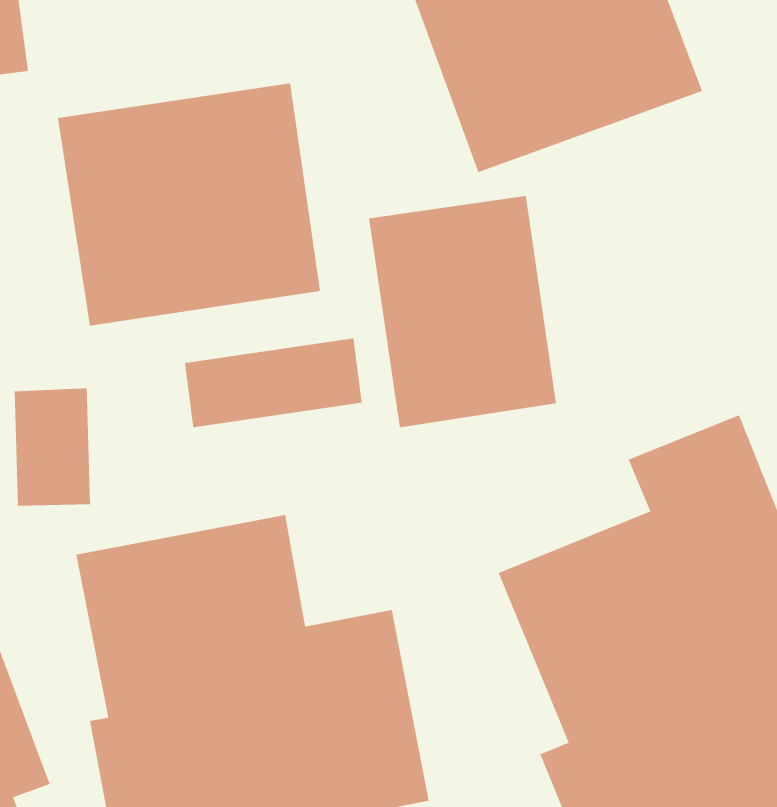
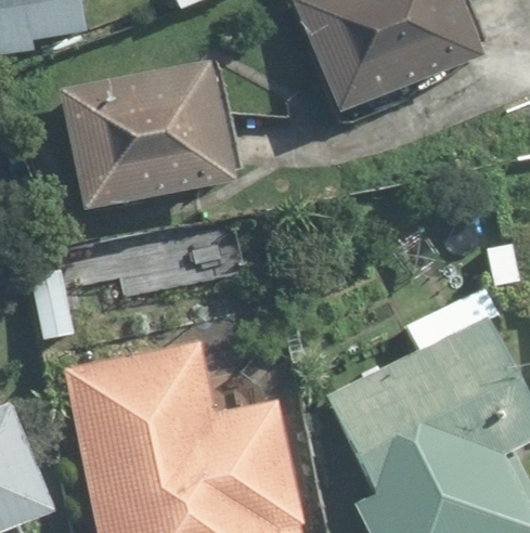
building: [368,195,557,428] -> none

